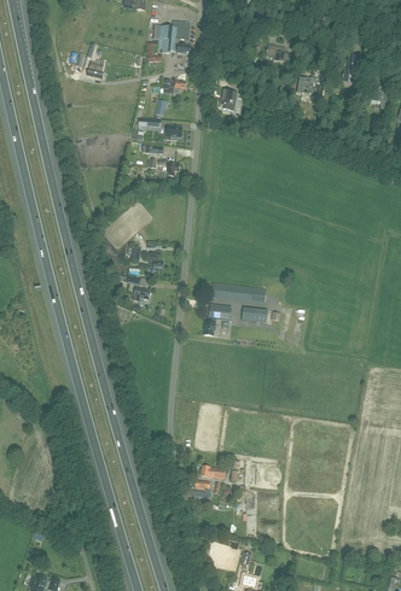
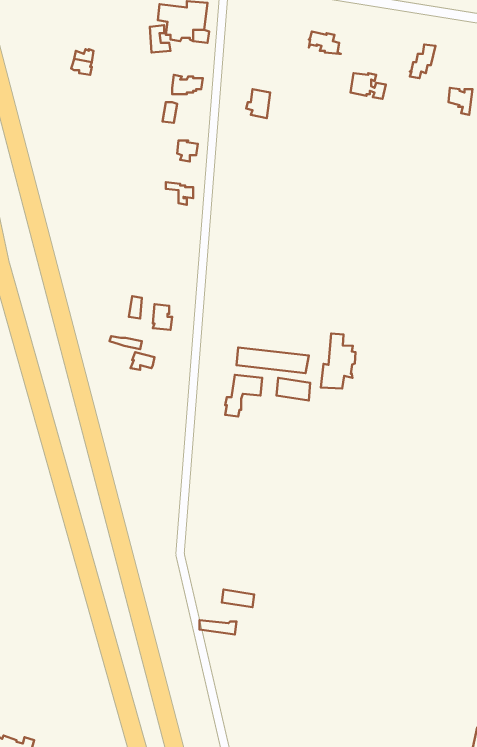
building: none -> [321,333,356,389]

